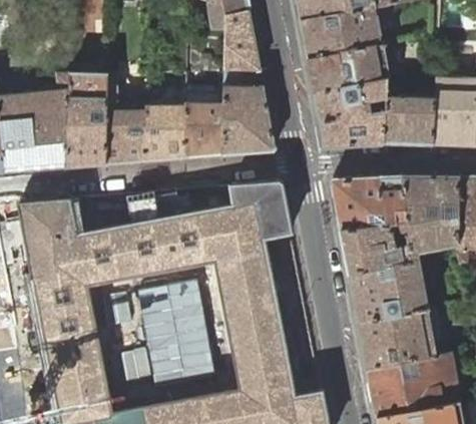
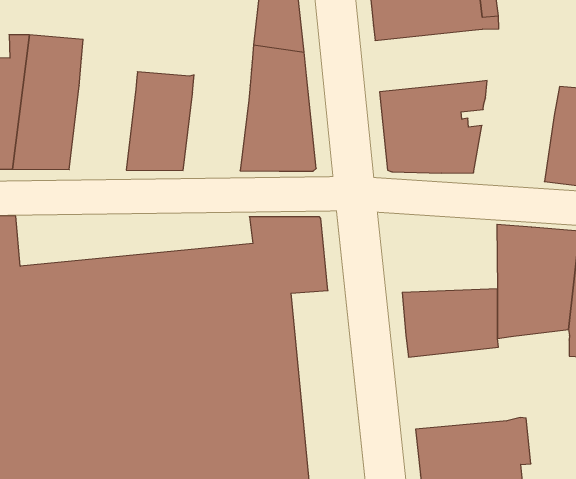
building: [307,43,397,93] -> none
building: [104,86,145,164] -> none
building: [382,91,434,145] -> none
building: [182,104,223,158] -> none
building: [331,177,405,230] -> none
building: [348,254,428,323] -> none

